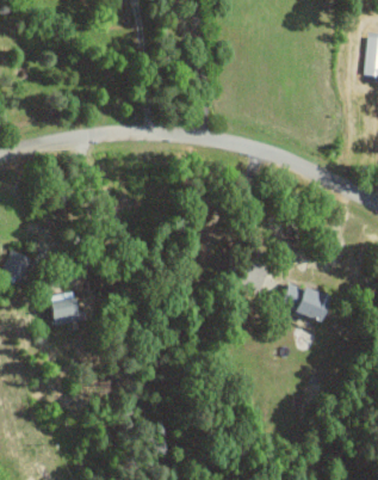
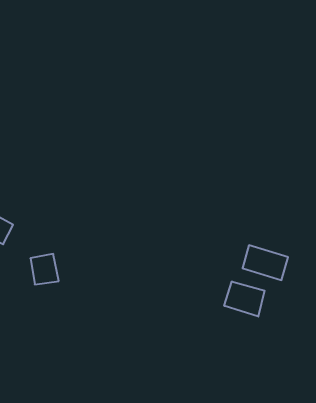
building: none -> [224,281,265,317]

